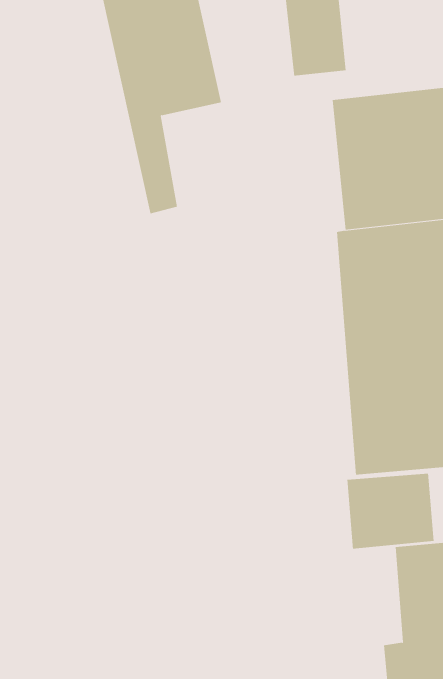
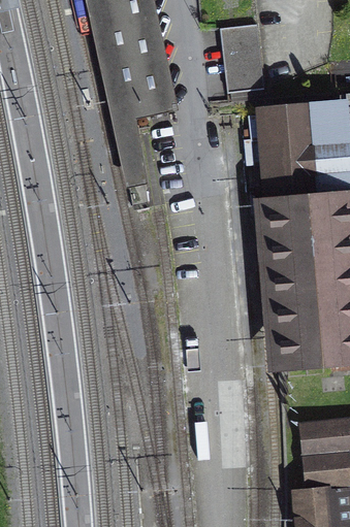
building: [347,473,434,550] -> none

